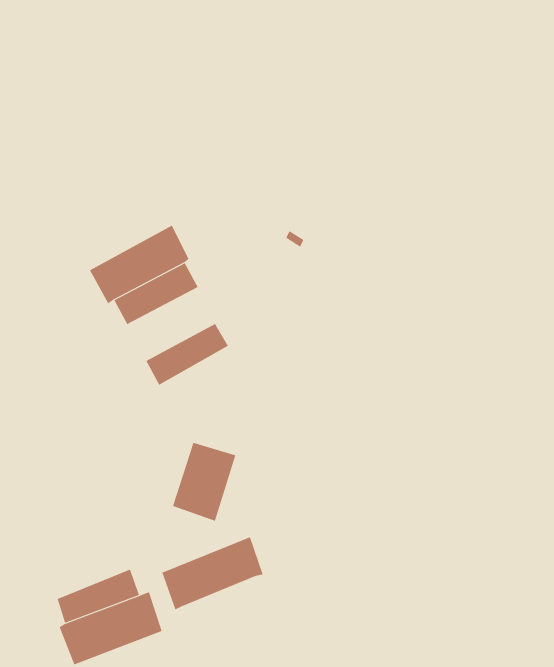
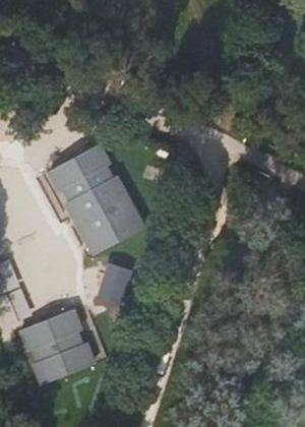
building: none -> [68,179,124,222]
building: none -> [85,210,140,253]
building: [162,537,264,610] -> [23,310,78,350]

